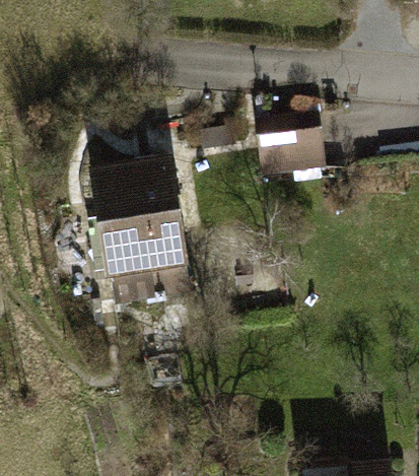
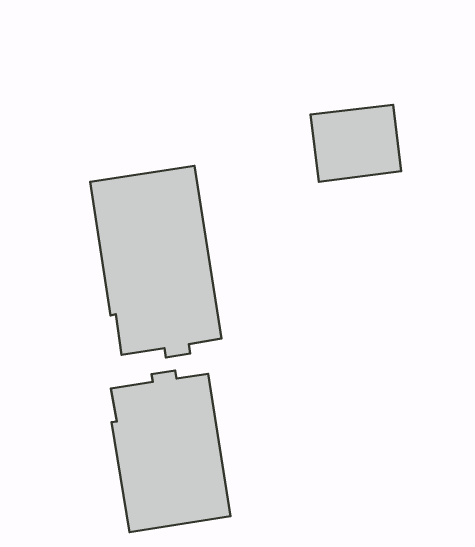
building: none -> [111,371,230,532]

